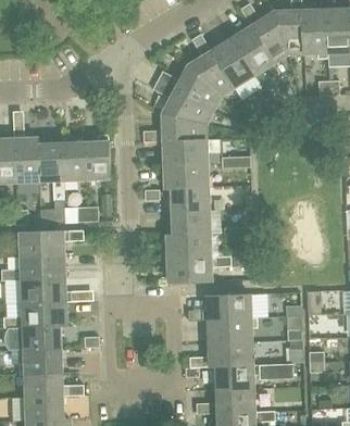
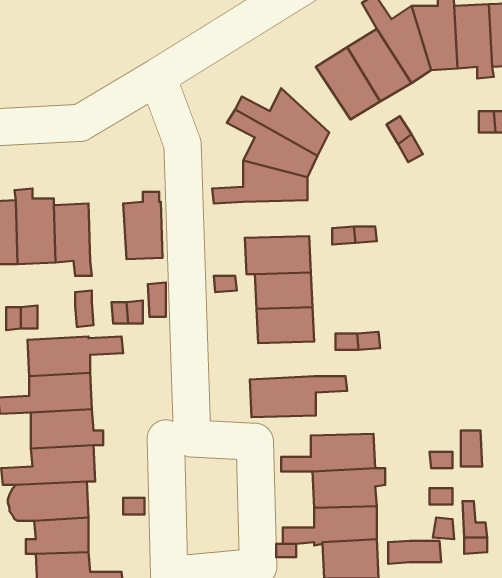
building: [187,34,233,95] -> none
building: [162,139,218,164] -> none
building: [60,141,85,179] -> none
building: [166,233,209,258] -> none

